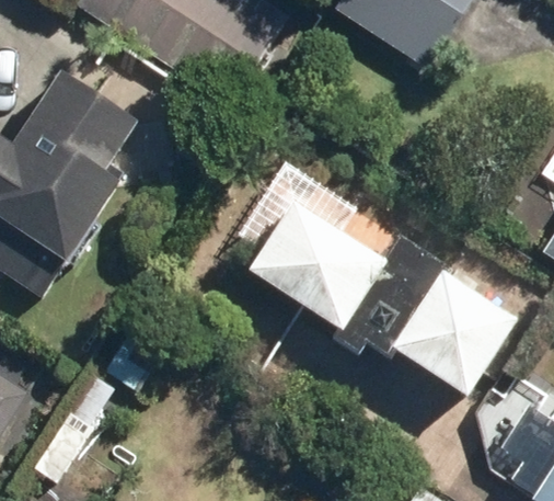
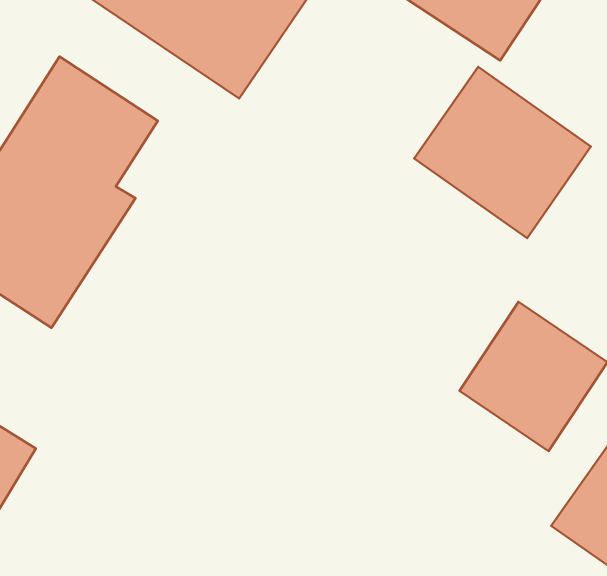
building: none -> [414,67,591,238]
building: [234,159,390,332] -> none

